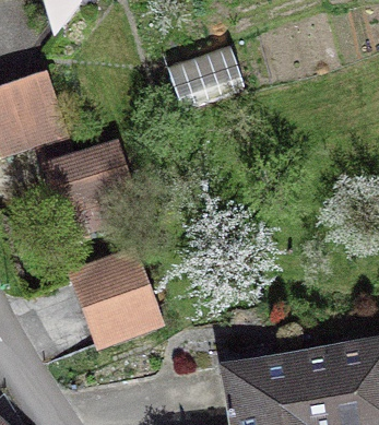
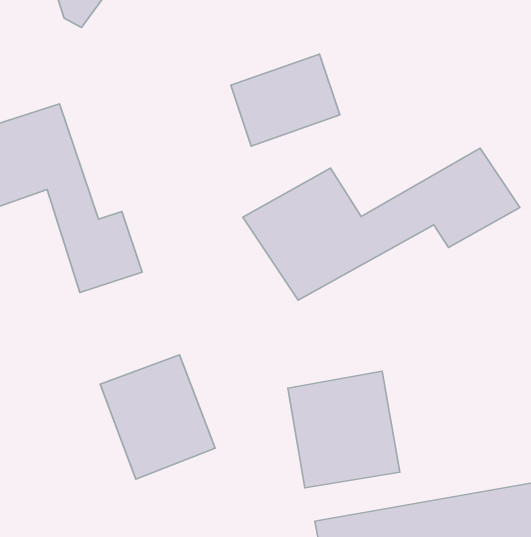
building: none -> [243,148,520,300]
building: none -> [288,371,400,488]

